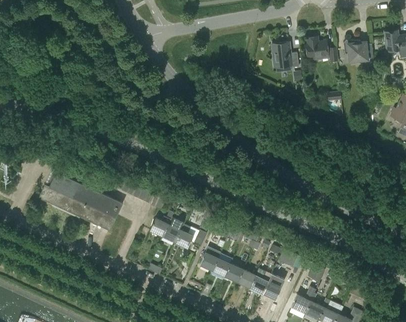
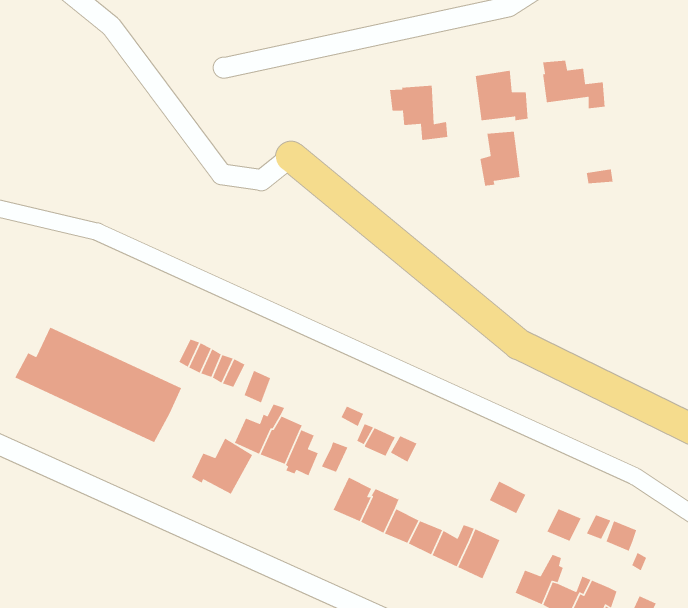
building: [343,40,374,66] -> none
building: none -> [389,85,448,141]
building: none -> [480,131,521,187]
building: none -> [191,438,253,495]

